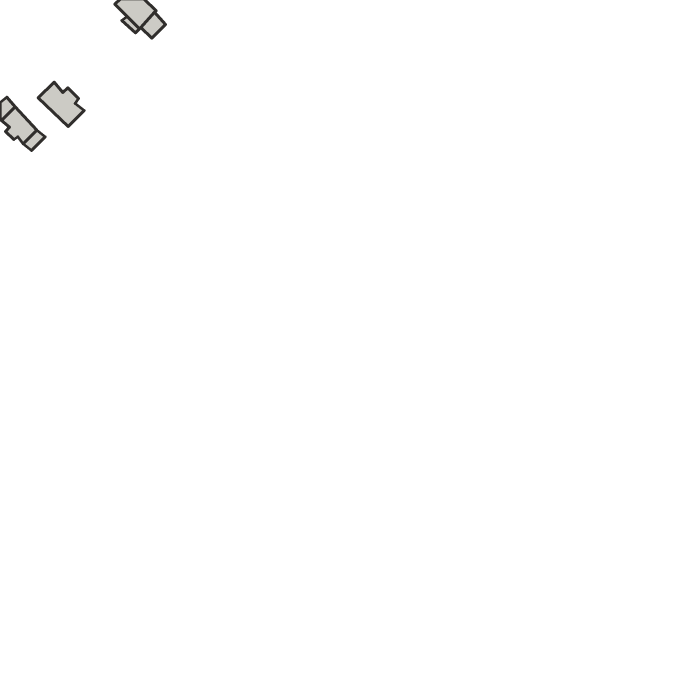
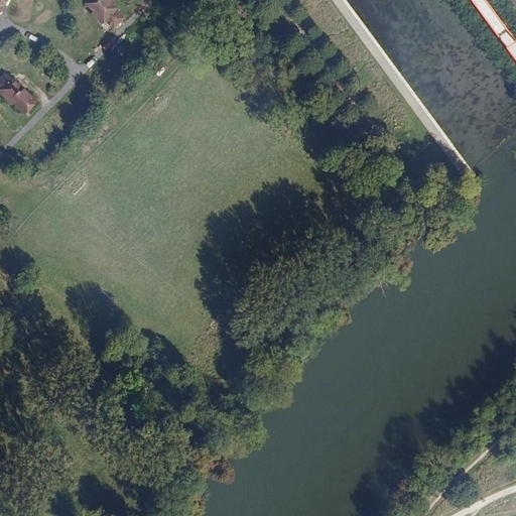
building: [38,82,84,126] -> none

